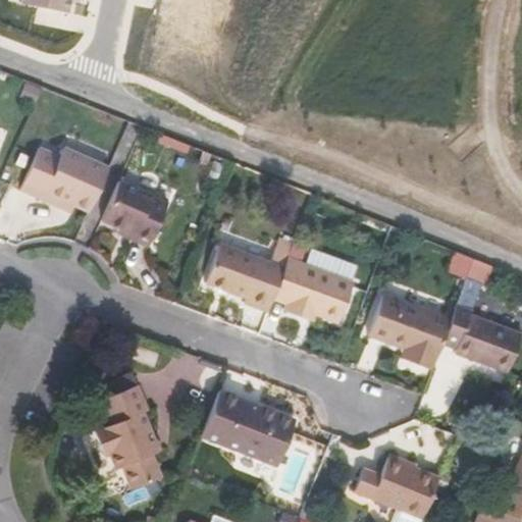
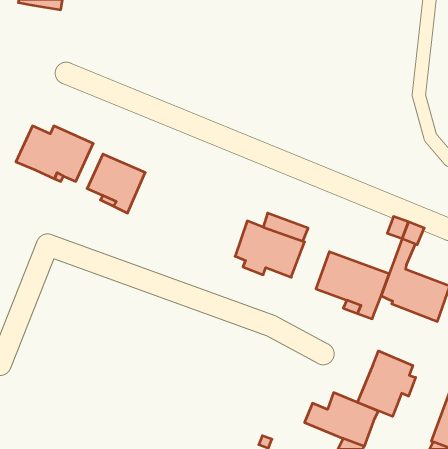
building: [205,237,295,311] -> none
building: [95,383,161,487] -> none
building: [202,389,296,465] -> none
building: none -> [358,351,416,416]

